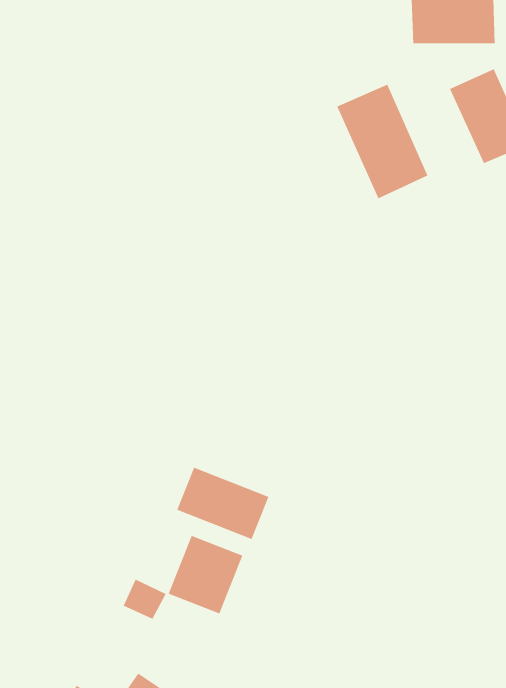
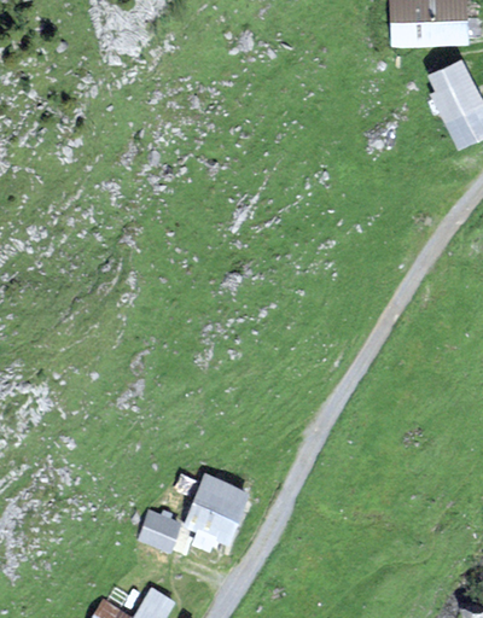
building: [337,84,428,199] -> none
building: [177,467,269,540] -> none

